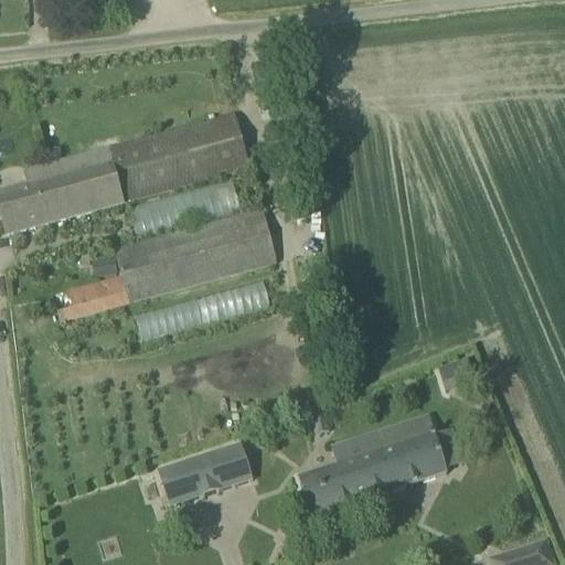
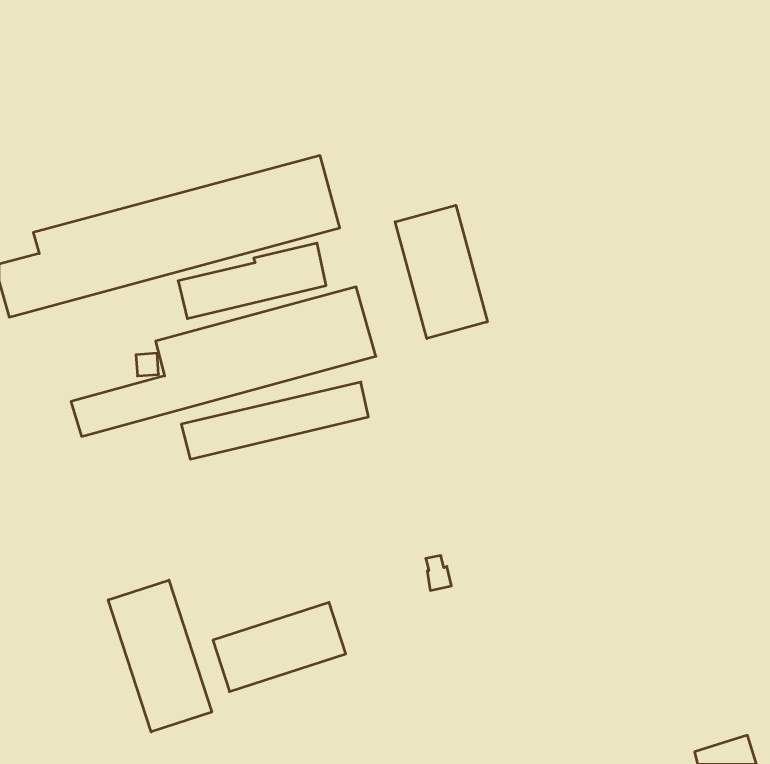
building: none -> [395,205,487,339]
building: [297,414,446,514] -> none
building: none -> [108,580,212,732]

